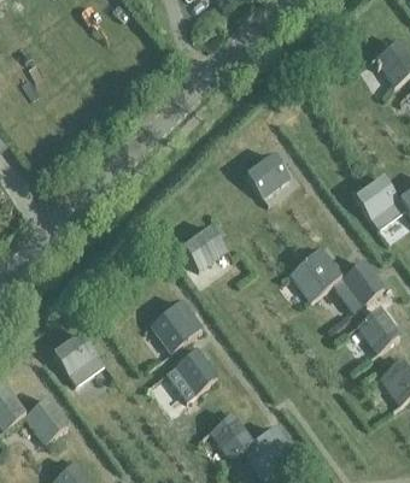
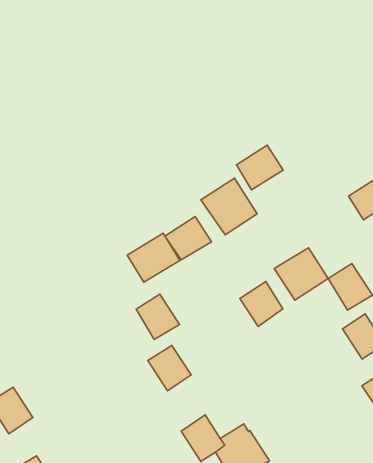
building: none -> [201,178,257,235]
building: none -> [127,233,180,282]
building: none -> [240,281,283,326]
building: [53,332,102,384] -> none

